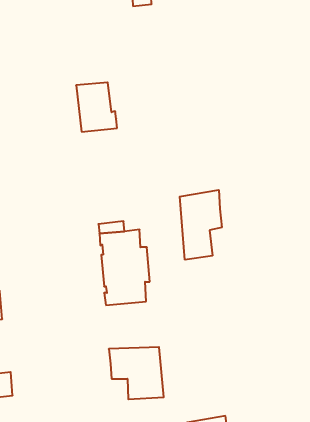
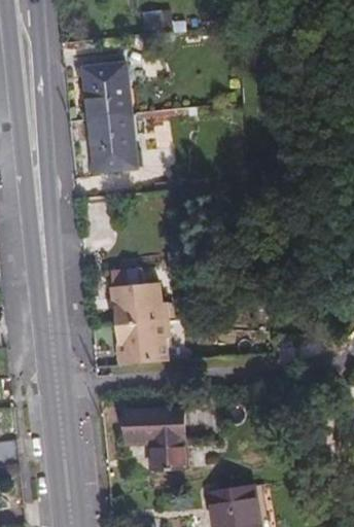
building: none -> [82,65,125,119]
building: [180,190,222,260] -> none

